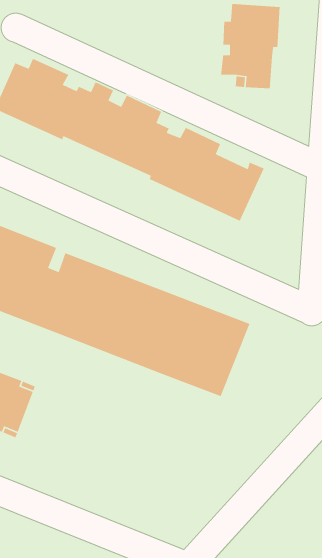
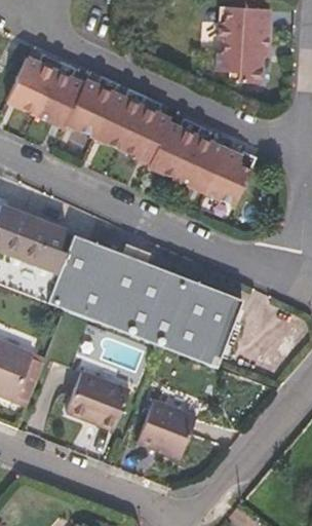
building: none -> [67,372,130,430]
building: none -> [138,400,196,459]

